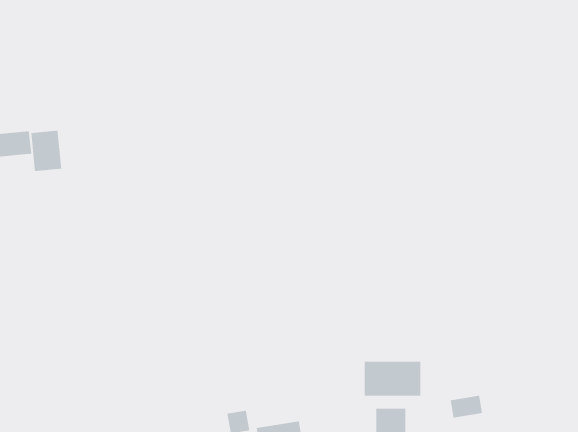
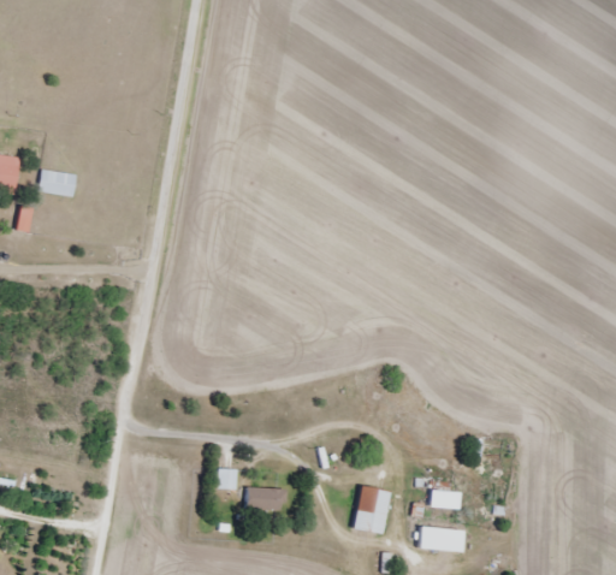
building: [31,130,62,172] -> none
building: [364,361,421,396] -> none

